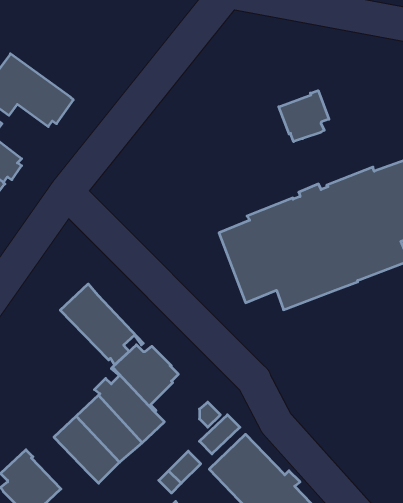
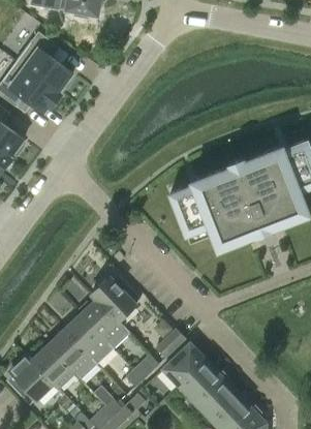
building: none -> [15,32,74,94]
building: [279,91,329,142] -> none
building: [60,284,143,365] -> none
building: none -> [31,345,73,388]

